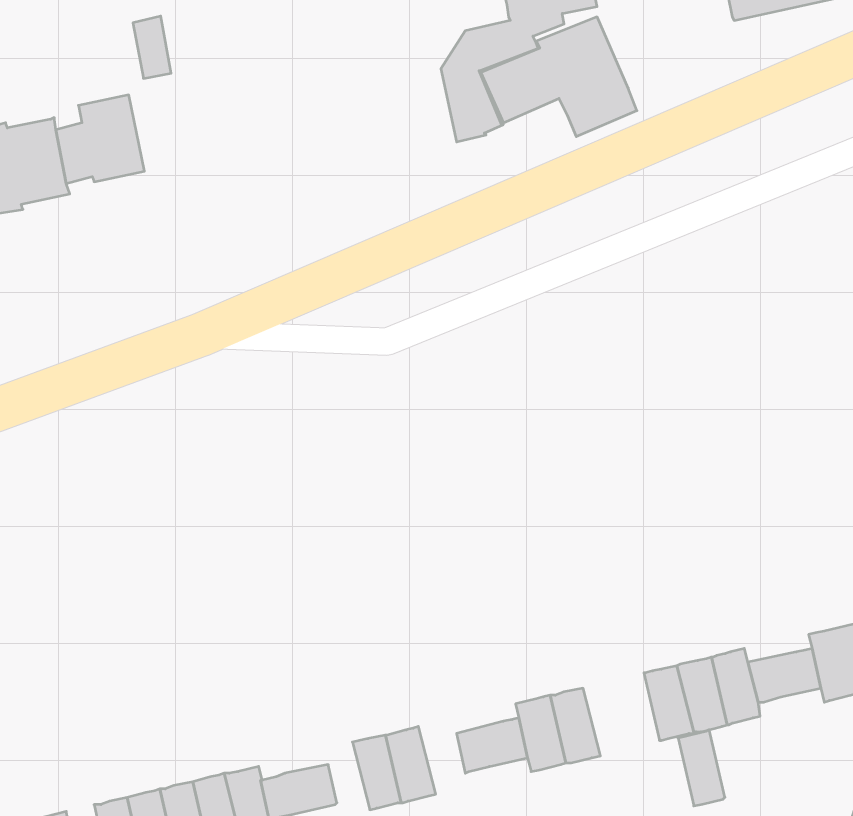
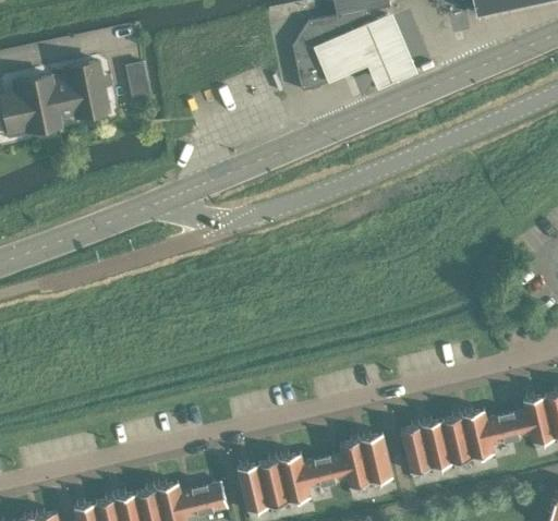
building: [133,16,171,78] -> [126,63,150,102]
building: none -> [279,456,311,502]
building: [678,730,725,806] -> [401,426,430,474]

